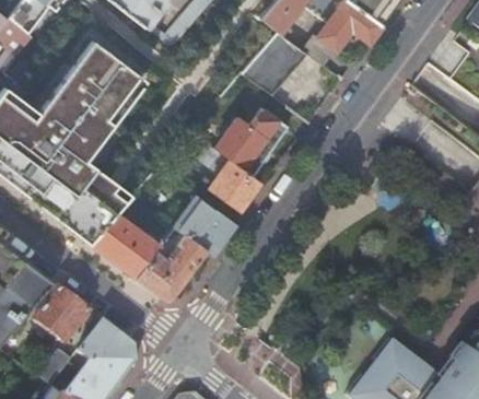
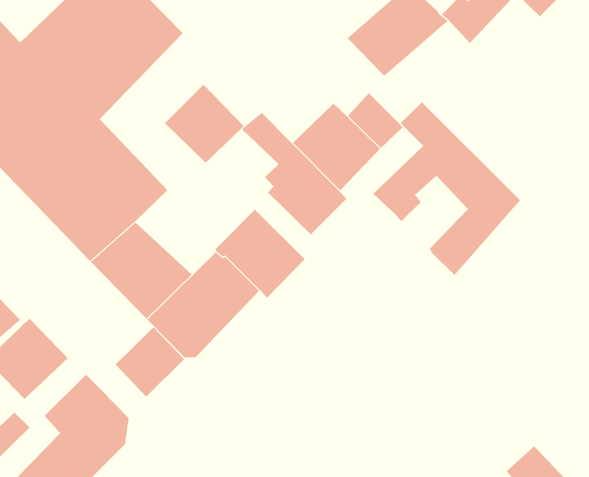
building: none -> [372,101,521,276]
building: none -> [164,84,244,164]
building: none -> [115,327,185,397]

